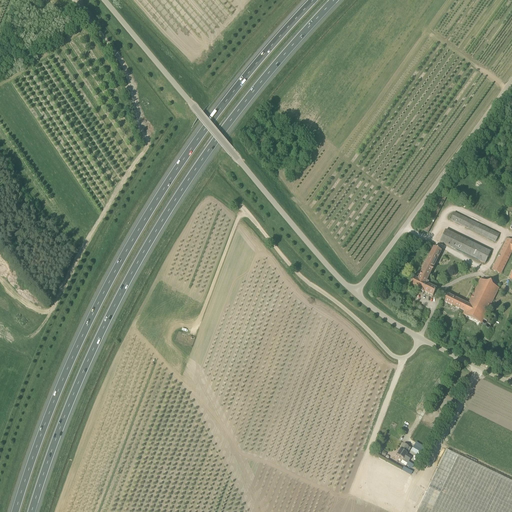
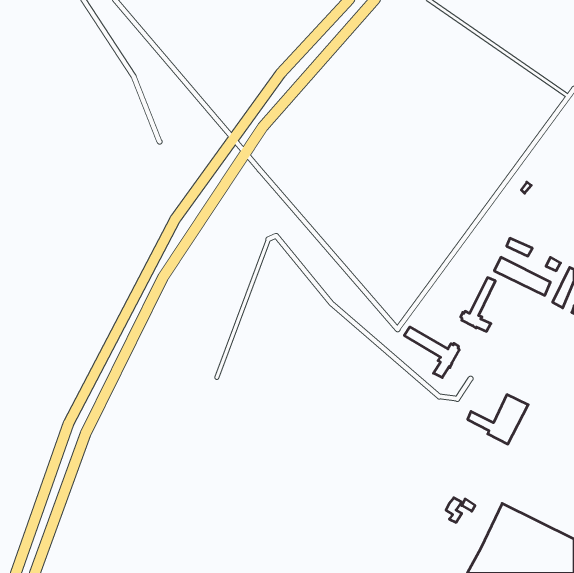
building: [445,279,499,323] -> [468,395,528,444]
building: none -> [404,327,459,378]

